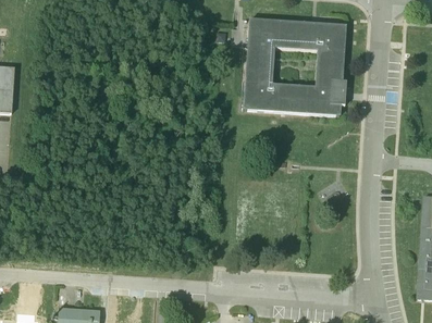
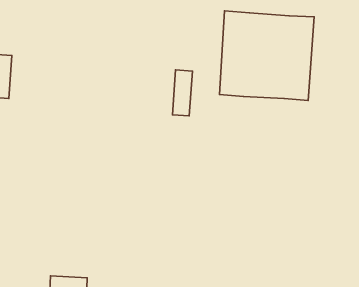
building: none -> [173,70,193,116]

